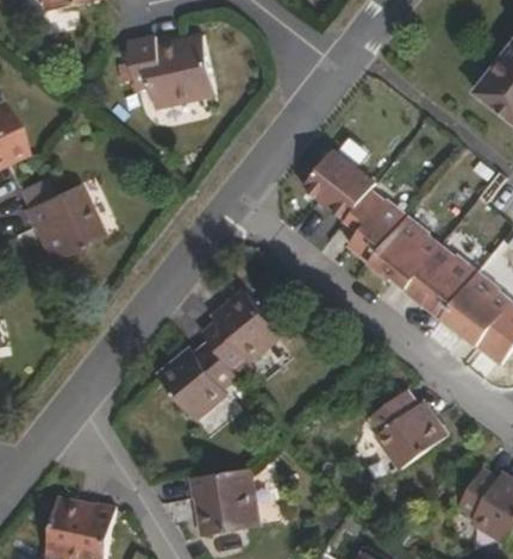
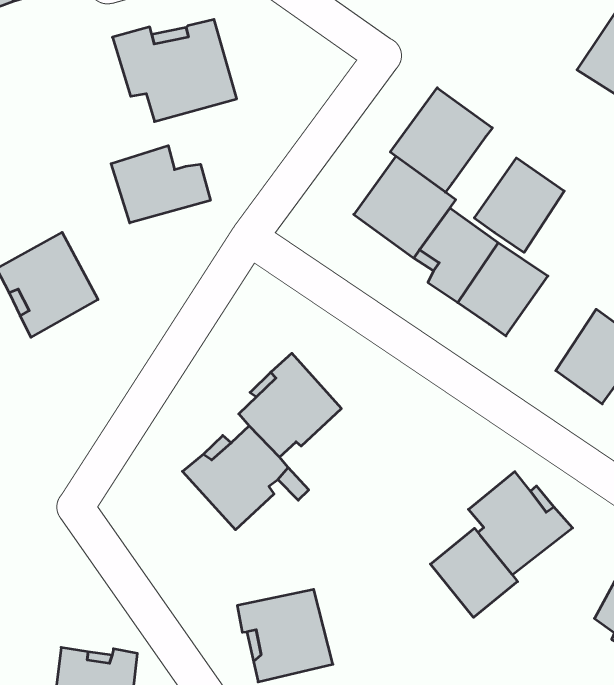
building: none -> [390,88,492,192]
building: none -> [111,146,210,223]
building: [407,244,476,316] -> [474,158,564,252]
building: none -> [430,528,518,617]

